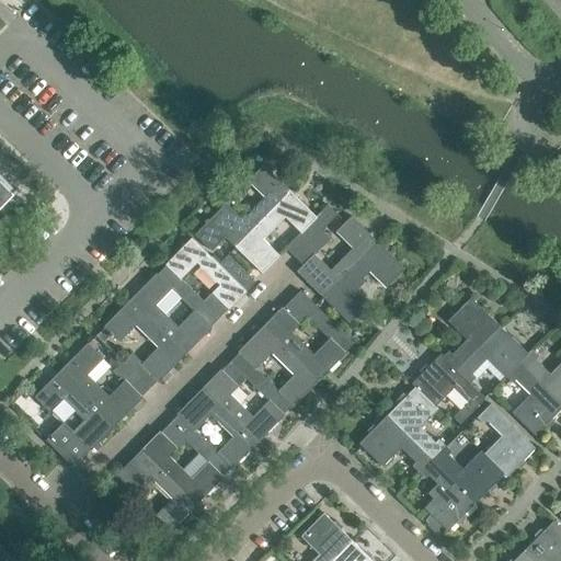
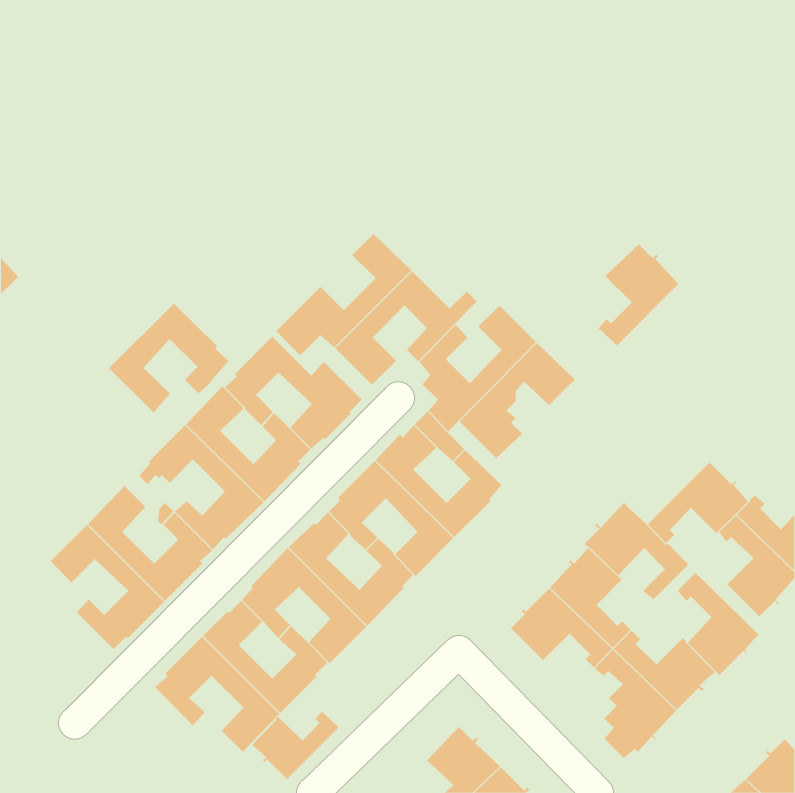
building: none -> [108,303,229,413]
building: [442,297,500,369] -> [597,243,679,346]
building: none -> [251,711,340,780]

